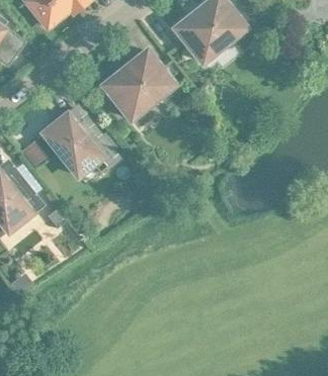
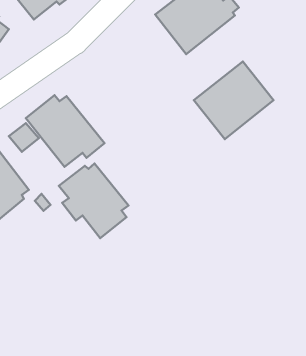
building: [98,44,179,123] -> [194,61,274,139]
building: none -> [59,164,128,238]

